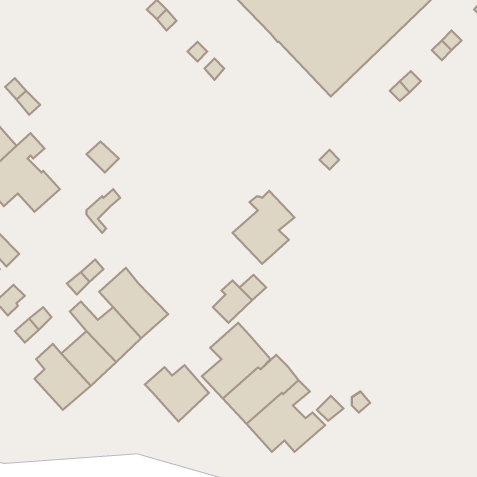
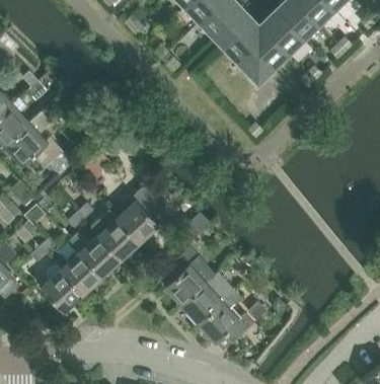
building: [233,191,294,264] -> [119,190,163,243]
building: [145,365,209,422] -> none

